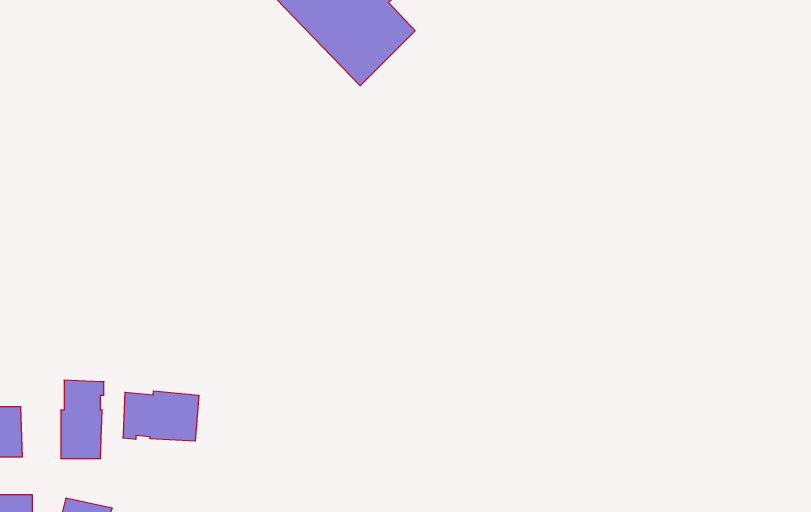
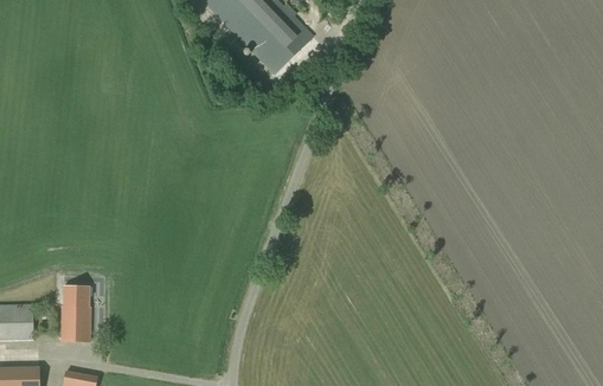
building: [123,391,199,441] -> none

